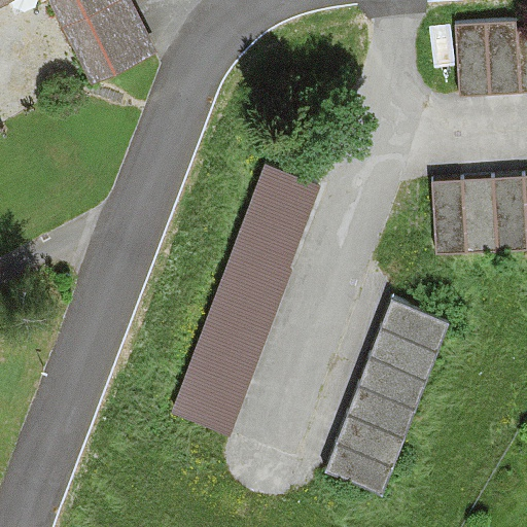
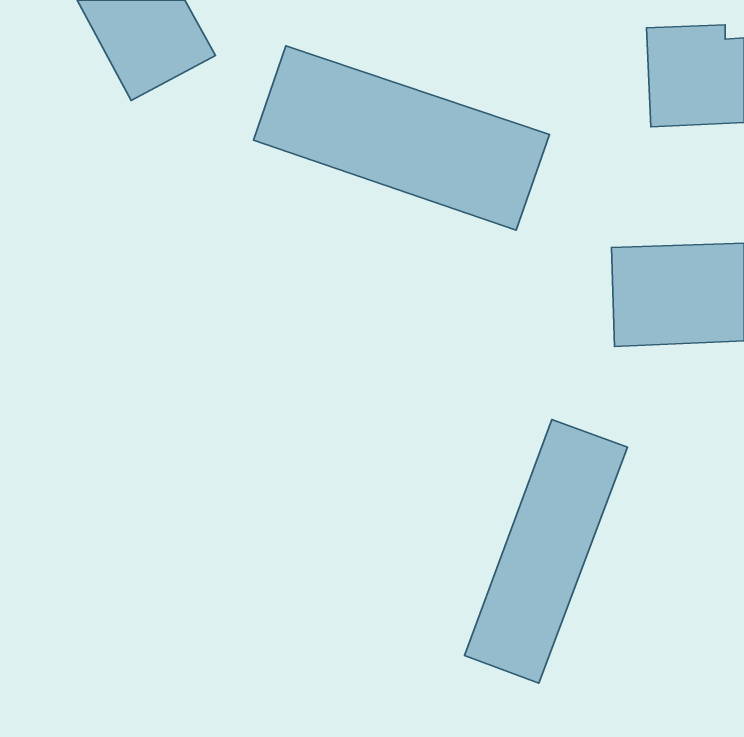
building: none -> [254,46,549,230]
building: [179,168,314,432] -> none

